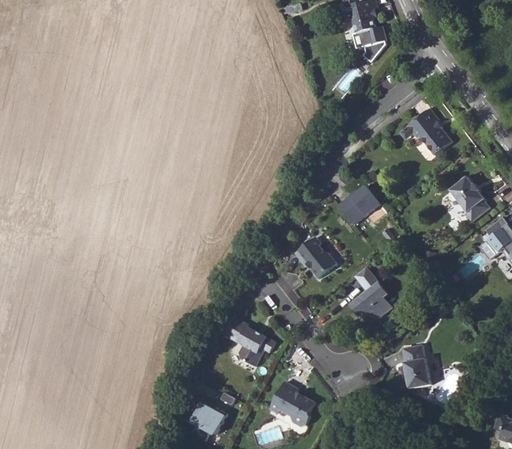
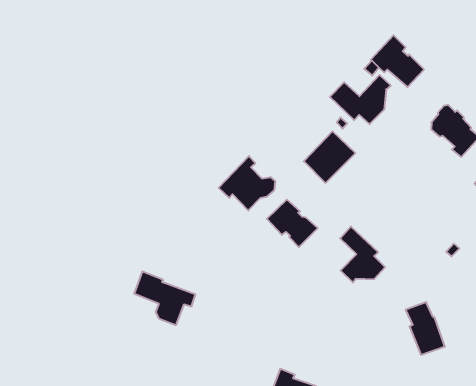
building: none -> [330,75,391,124]
building: none -> [219,156,275,211]
building: [222,316,275,367] -> [134,272,195,325]

